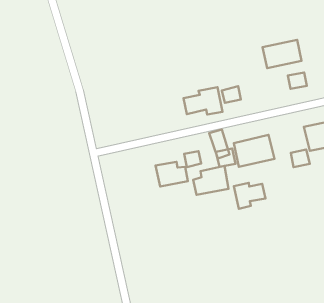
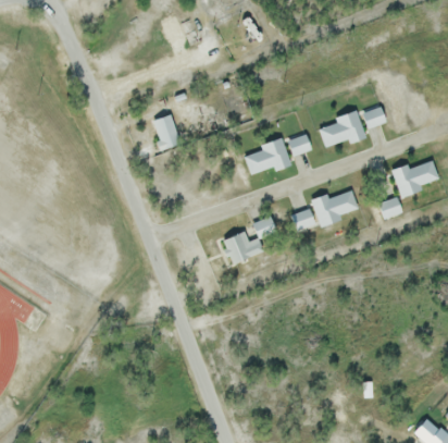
building: [263,40,302,68] -> [318,109,365,147]
building: none -> [151,113,181,149]
building: [193,166,228,195] -> none
building: [234,183,266,209] -> none

